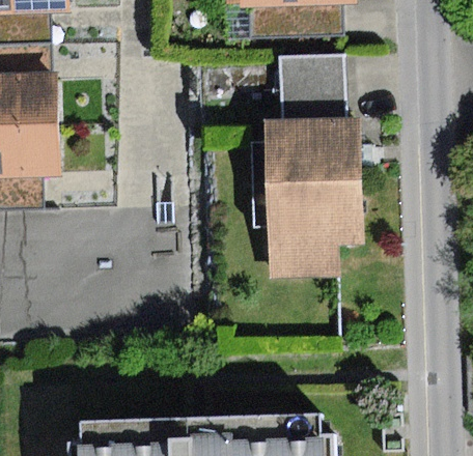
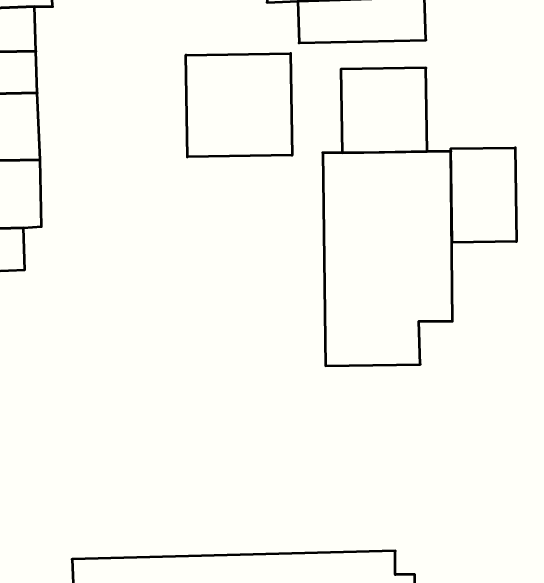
building: none -> [186,53,292,157]
building: none -> [451,148,516,242]

